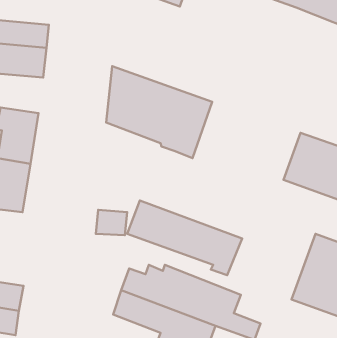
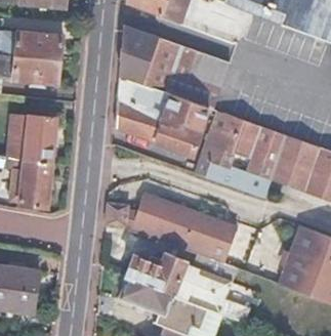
building: none -> [119,23,233,109]
building: none -> [194,113,287,197]

